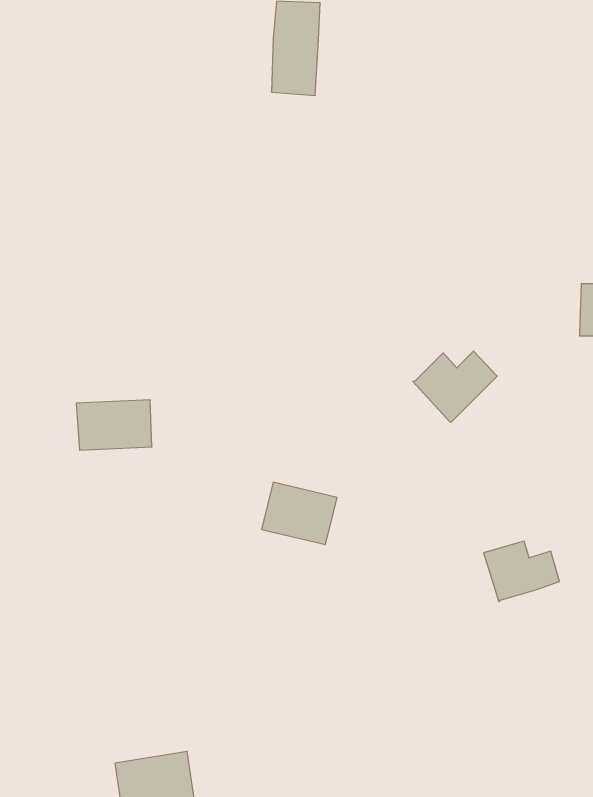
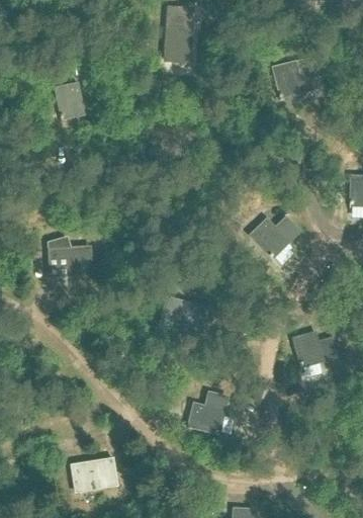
building: none -> [273,60,319,96]
building: none -> [54,82,84,117]
building: none -> [187,390,230,433]

